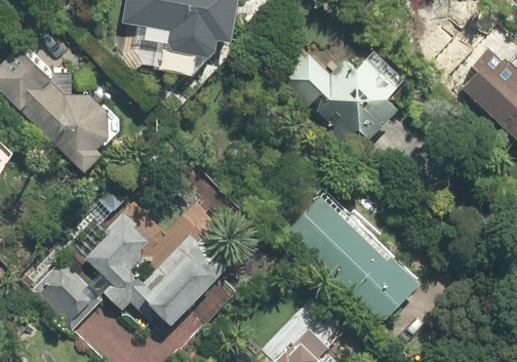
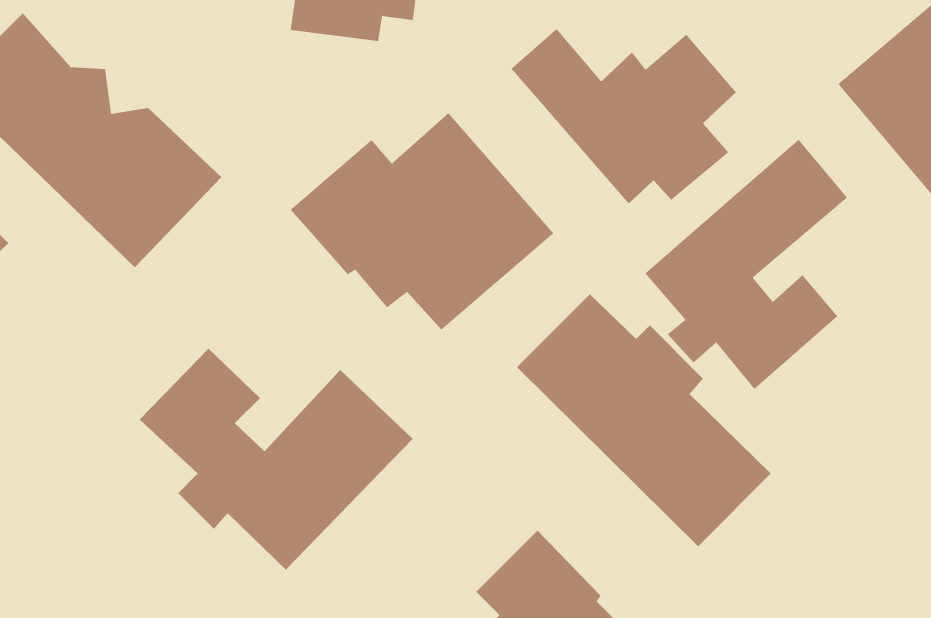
building: none -> [290,112,554,330]
building: none -> [644,139,848,390]
building: [33,258,103,329] -> none

